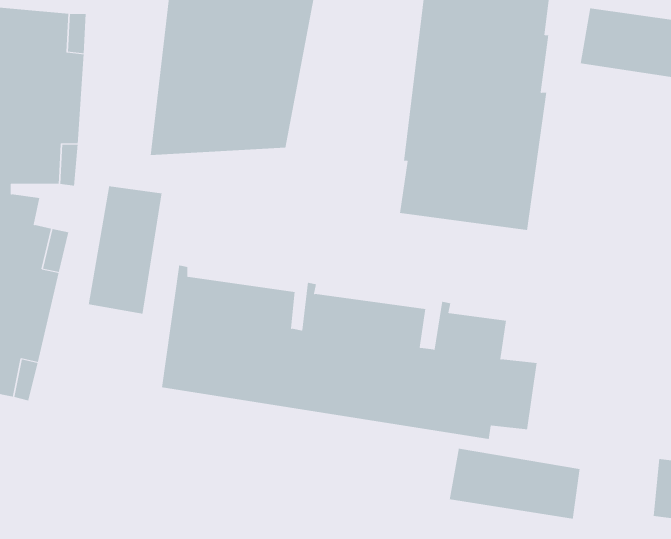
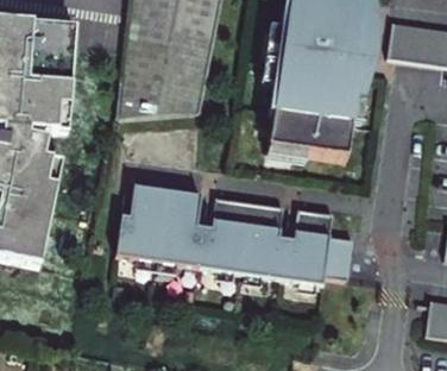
building: [88,185,162,314] -> none
building: [449,448,580,520] -> none

